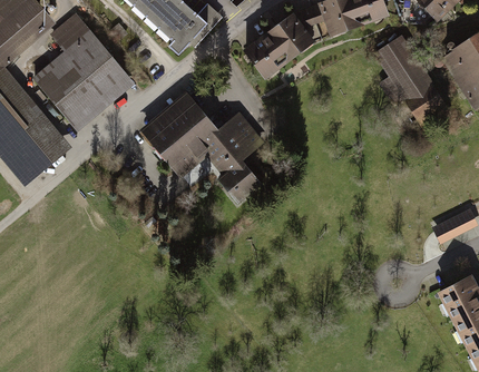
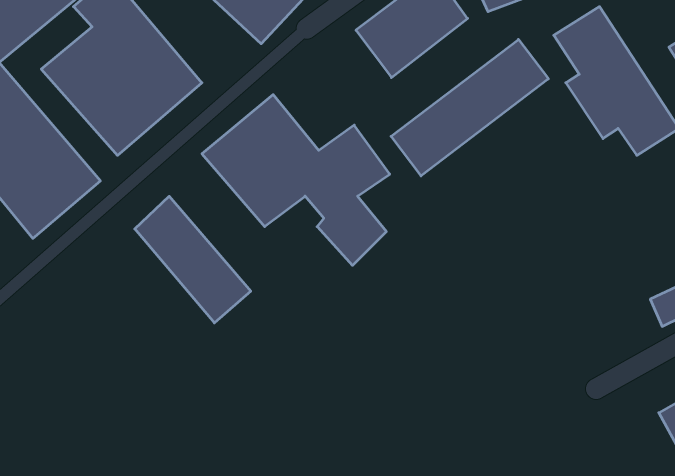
building: none -> [391,39,548,176]
building: none -> [135,196,251,323]

